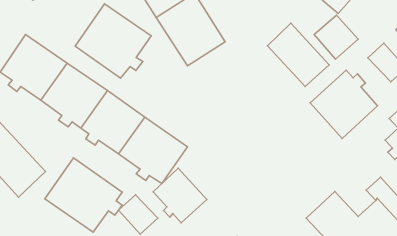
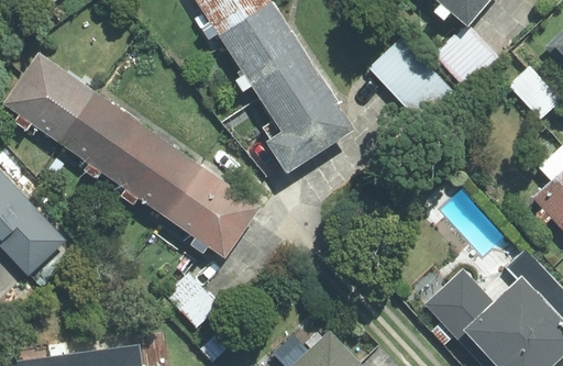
building: [75,4,151,78] -> none
building: none -> [261,63,355,173]
building: [310,70,377,139] -> none
building: [45,158,122,232] -> none
building: [153,168,207,223] -> none

